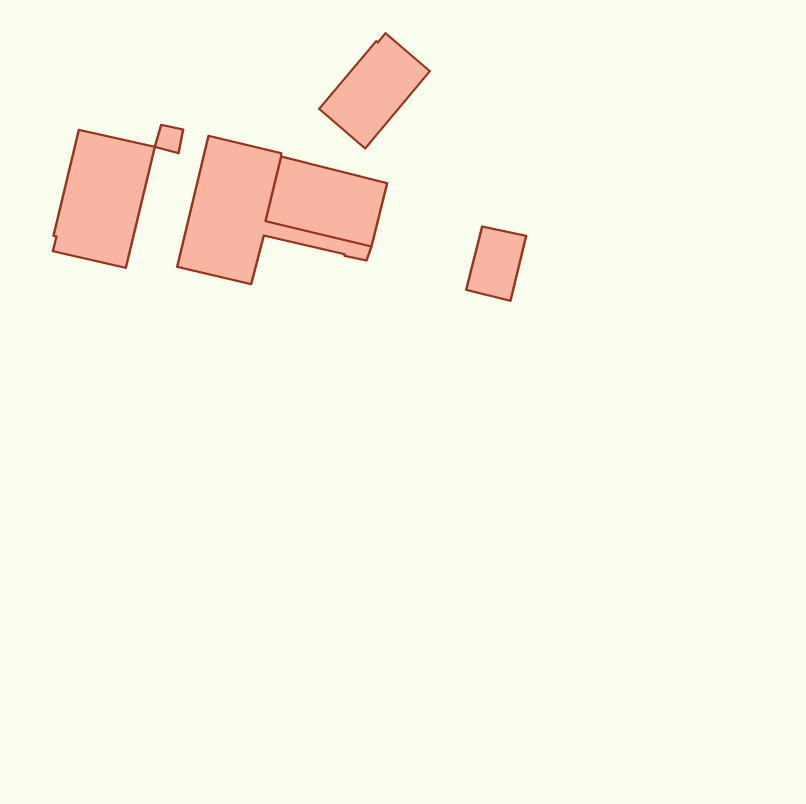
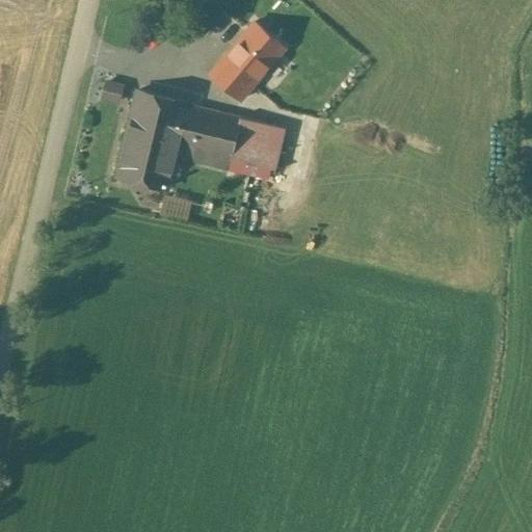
building: [53,130,155,268] -> none
building: [466,227,526,301] -> [244,123,284,171]

